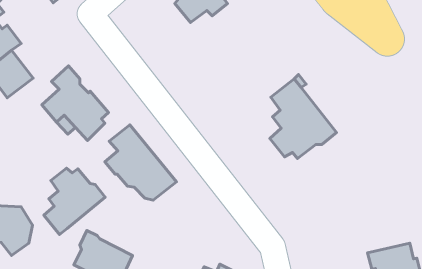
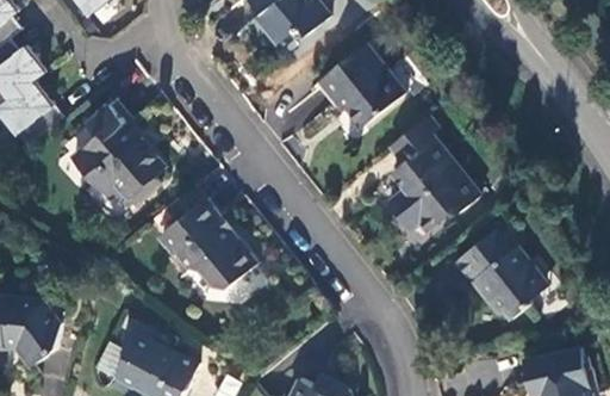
building: none -> [317,43,404,126]
building: none -> [455,222,542,320]
building: [44,168,105,234] -> none

